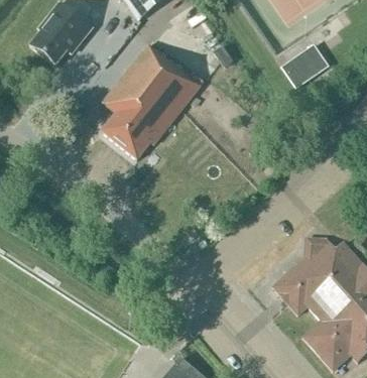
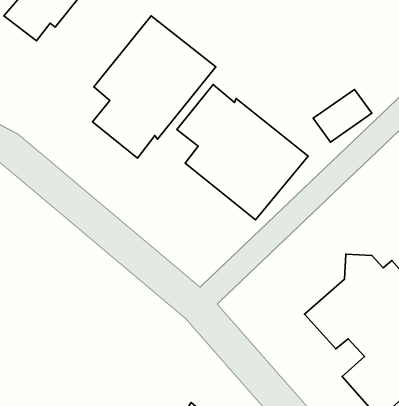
building: [282,40,330,83] -> [313,90,372,142]
building: none -> [177,85,308,220]

